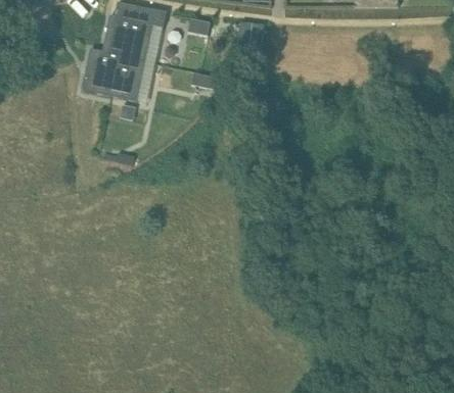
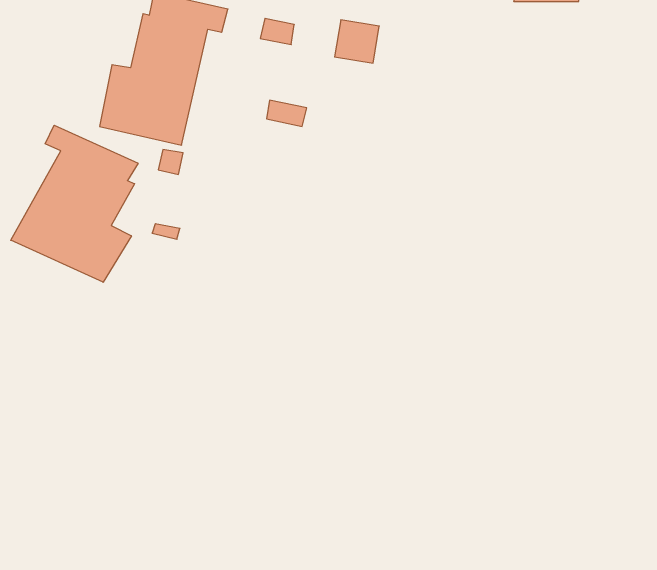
building: none -> [11,125,138,282]

